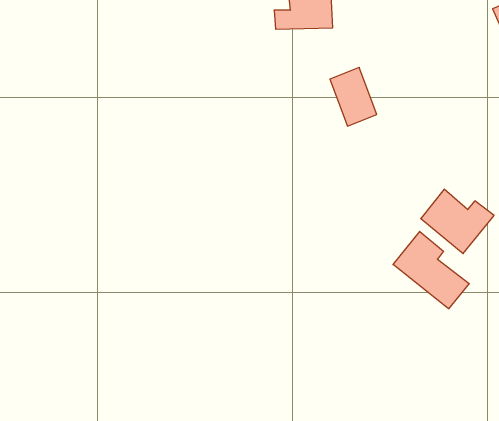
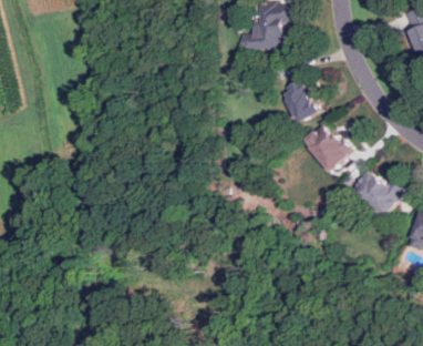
building: none -> [303,121,349,170]
building: [393,231,469,309] -> none

